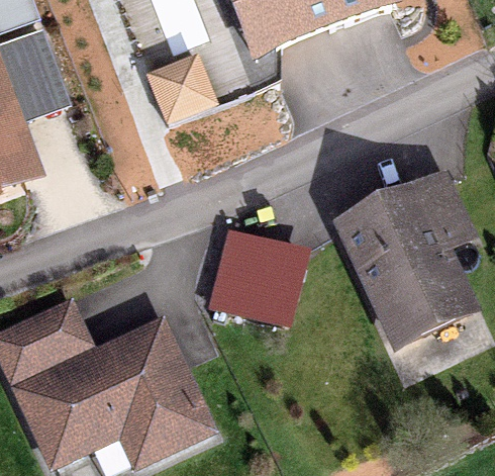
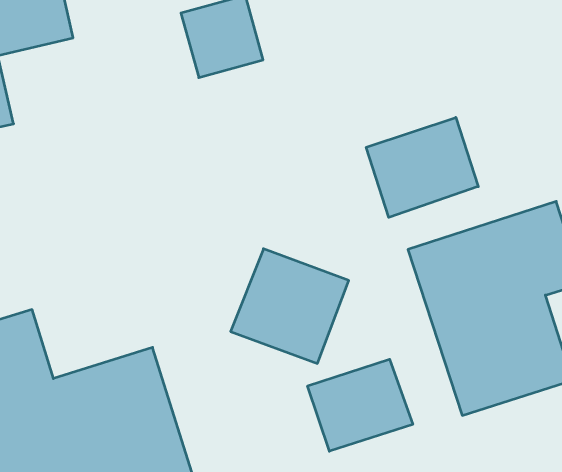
building: none -> [366,117,478,217]
building: none -> [308,359,413,451]

